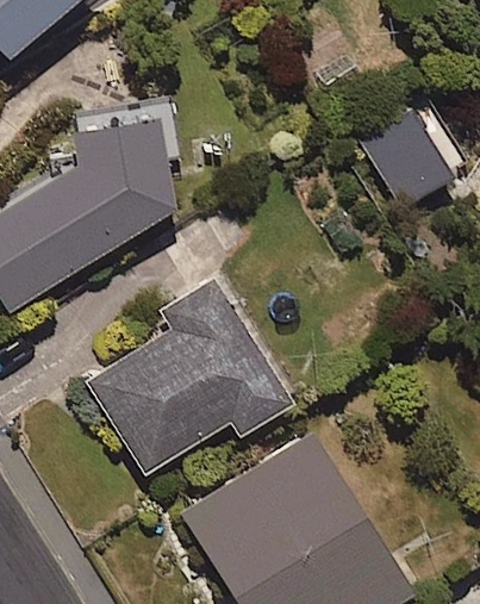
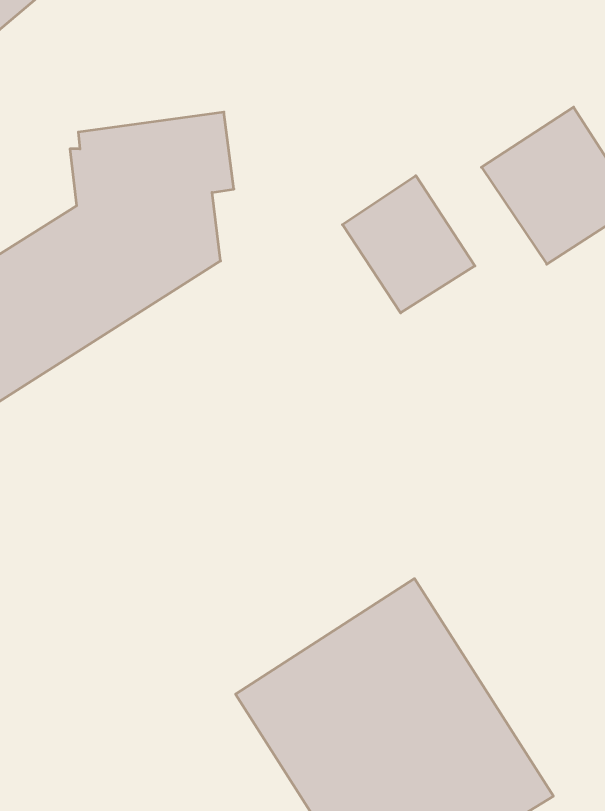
building: none -> [342,176,475,313]
building: [87,279,291,475] -> none

